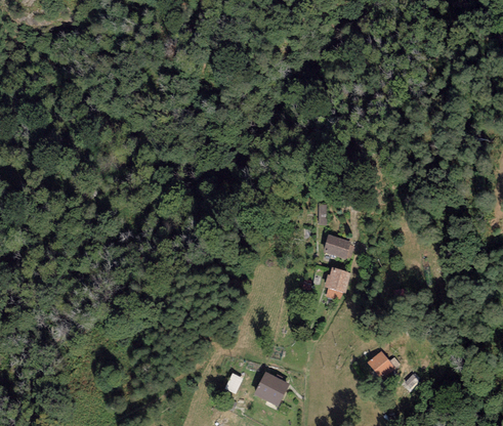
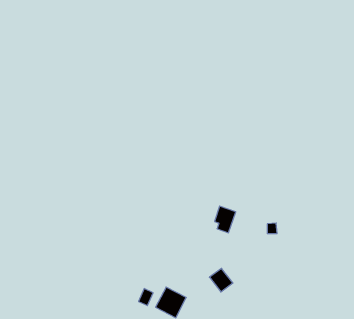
building: [323,236,351,258] -> none
building: [365,348,394,378] -> [209,268,233,292]

